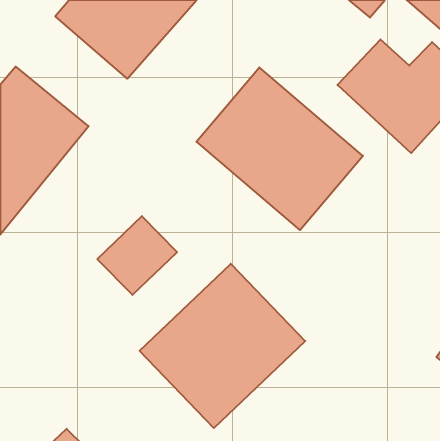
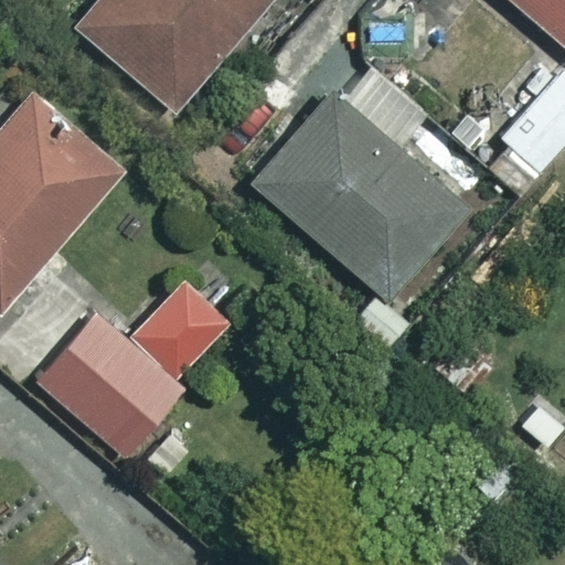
building: none -> [17,320,159,465]
building: [140,264,305,428] -> none

